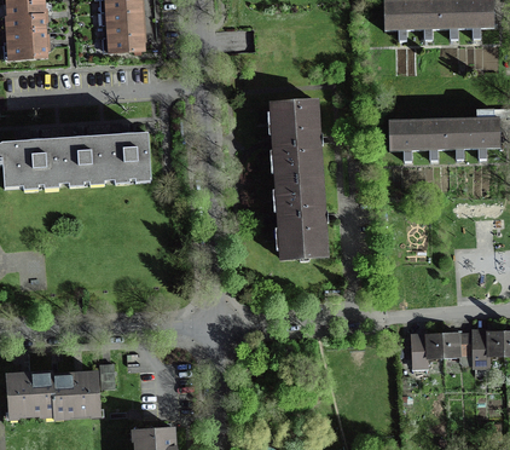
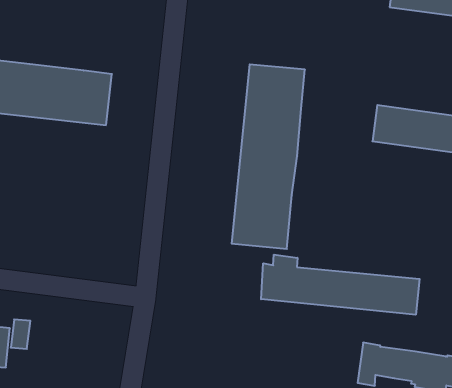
building: none -> [261,255,420,315]

